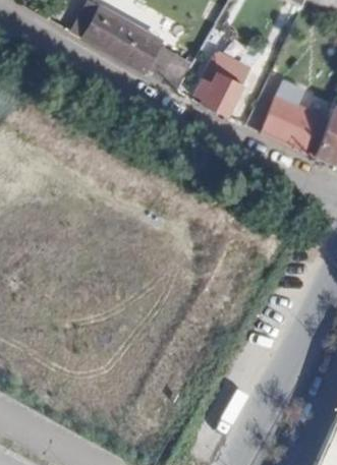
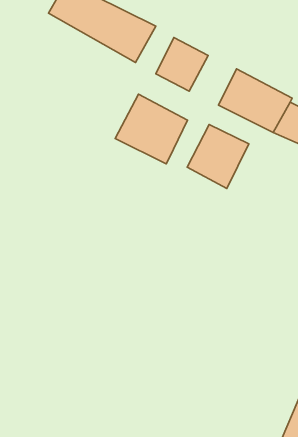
building: none -> [115,94,187,164]
building: none -> [187,124,249,188]

